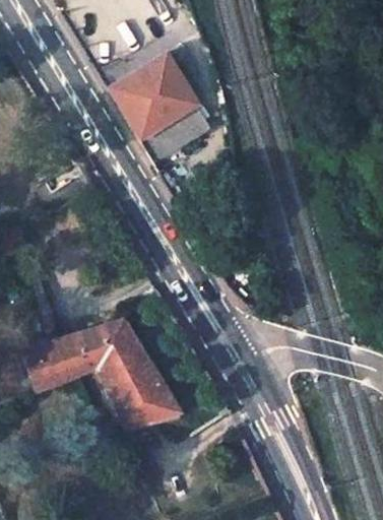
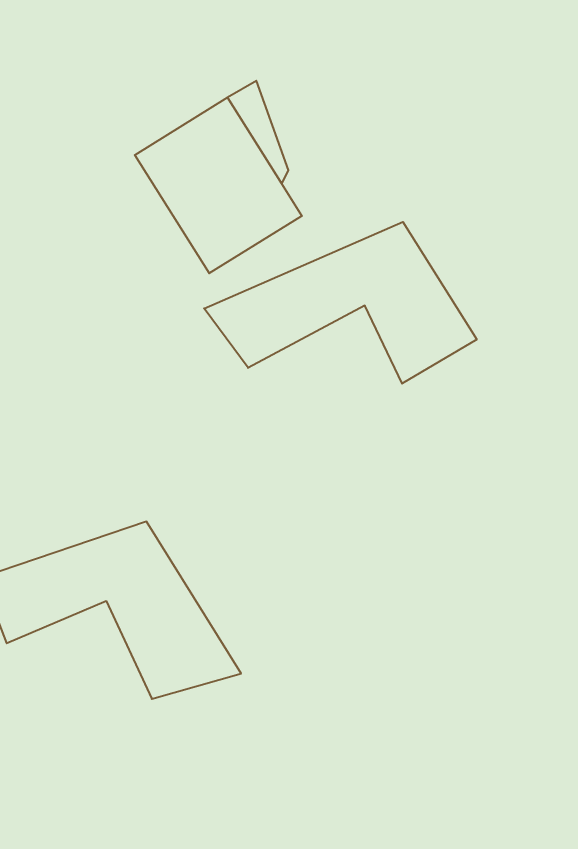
building: none -> [204,222,477,384]

